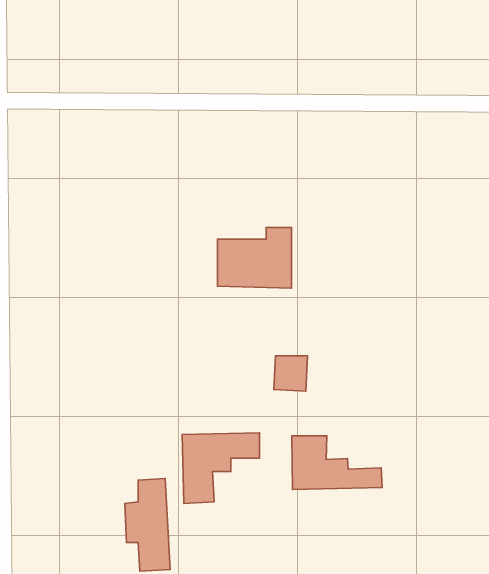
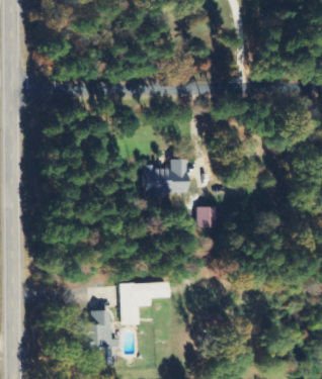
building: [274,356,308,391] -> [196,206,217,227]
building: [292,436,382,489] -> none

